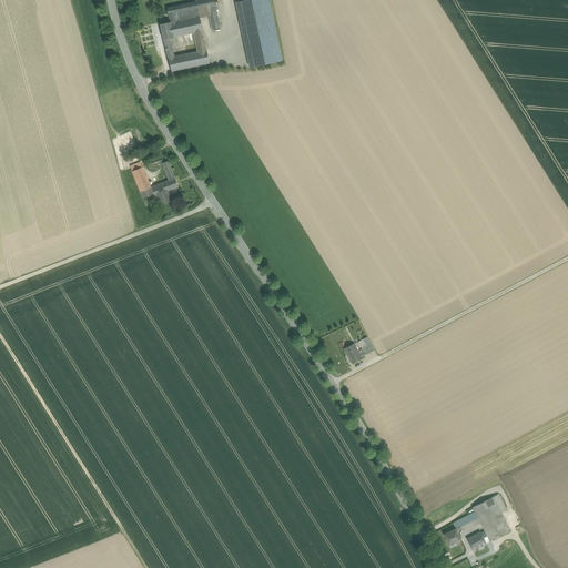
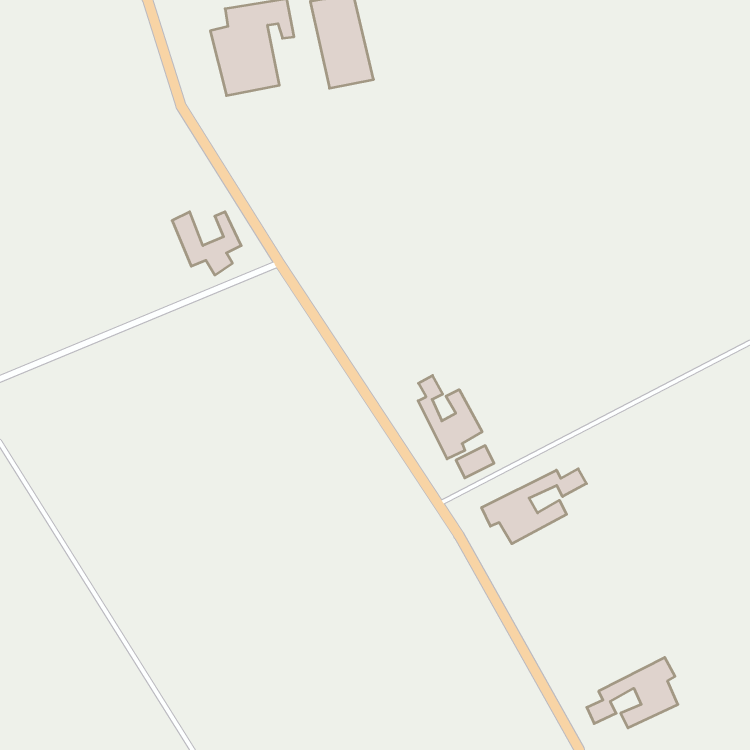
building: none -> [418,375,482,459]
building: none -> [482,469,587,544]

